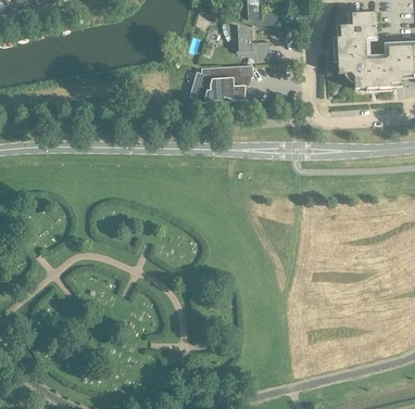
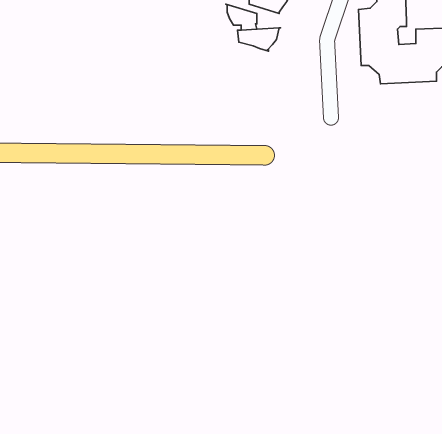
building: [191,65,253,102] -> none

